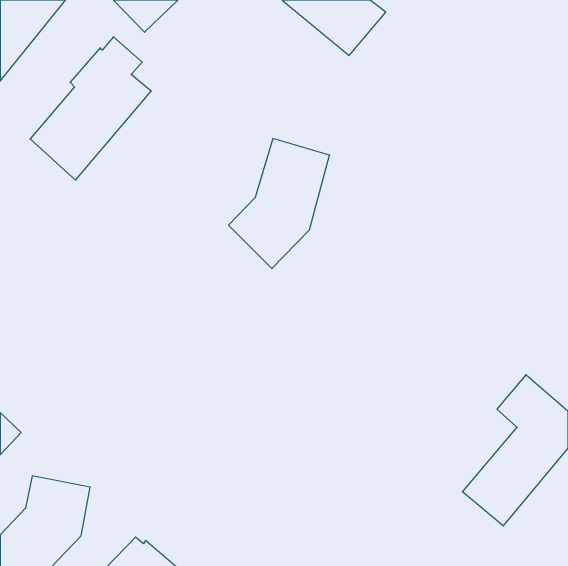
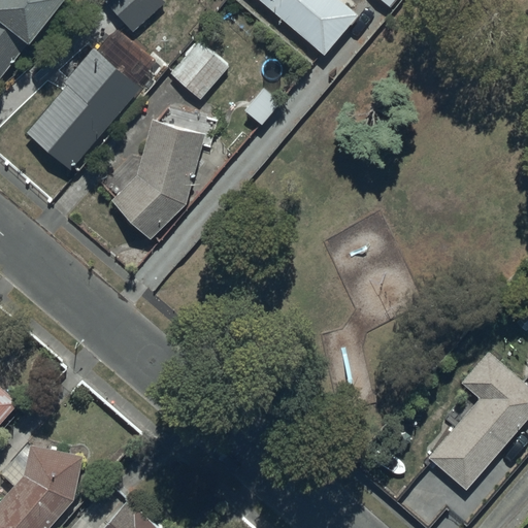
building: none -> [172,41,229,99]
building: [229,139,330,269] -> [110,119,204,239]

